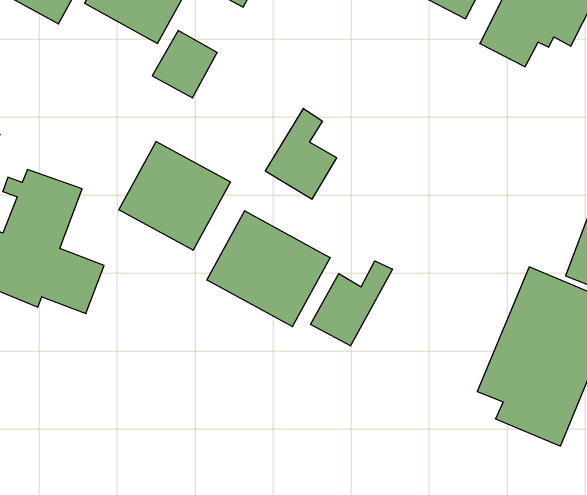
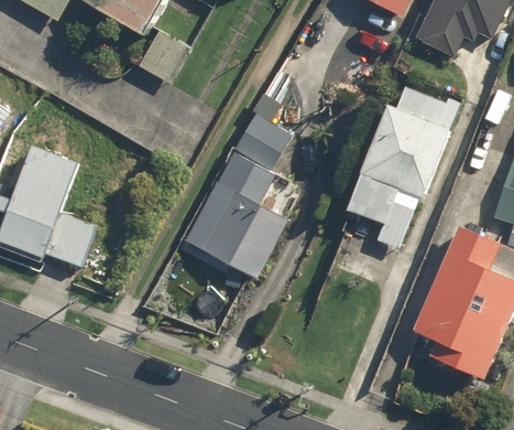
building: none -> [343,85,459,250]
building: [119,141,230,250] -> none
building: [311,261,393,346] -> none

